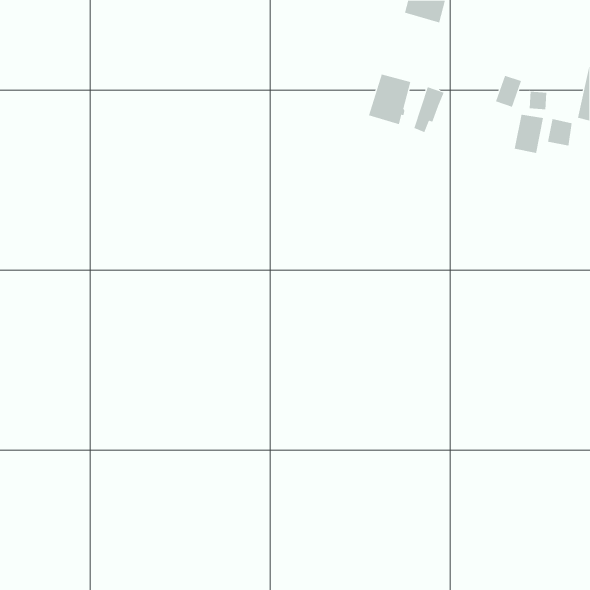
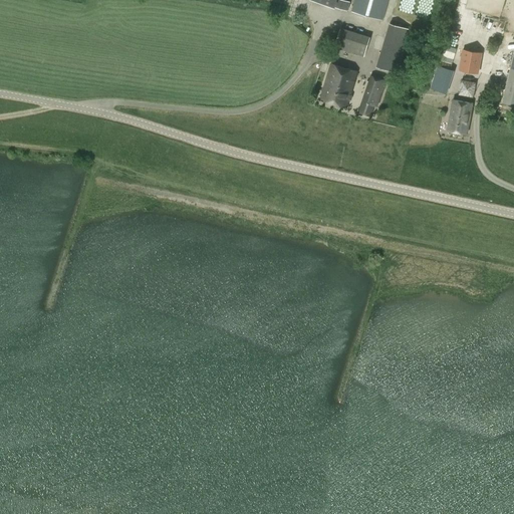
building: none -> [376,23,409,72]
building: none -> [334,28,369,56]
building: [547,119,573,146] -> [459,49,481,73]

